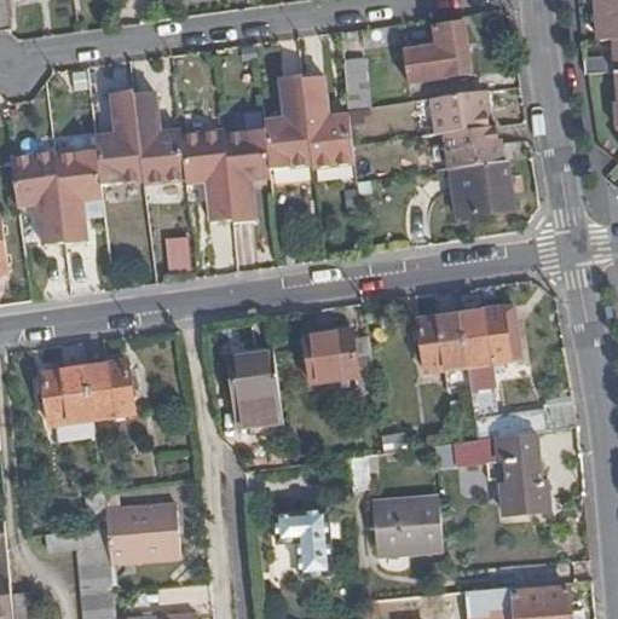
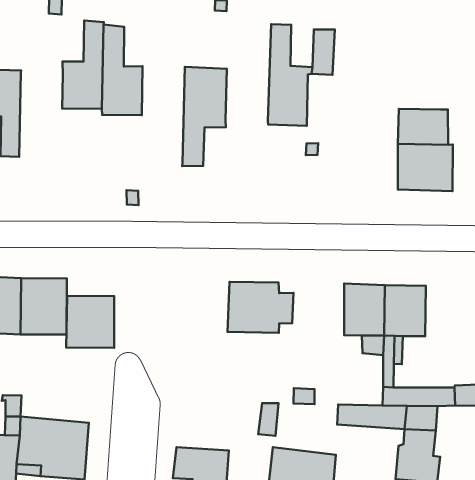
building: [403,22,472,80] -> none
building: [261,62,312,170] -> none
building: [433,89,489,132] -> none
building: [174,120,231,224] -> none
building: [50,150,99,245] -> none
building: [221,349,278,410] -> [66,296,114,348]

